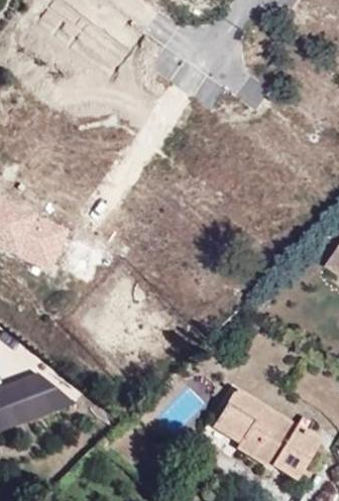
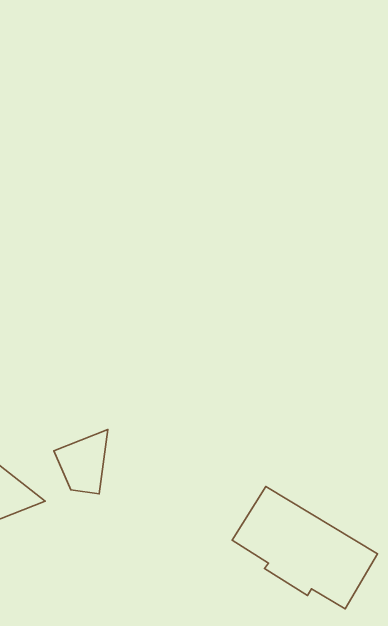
building: none -> [54,430,108,494]

